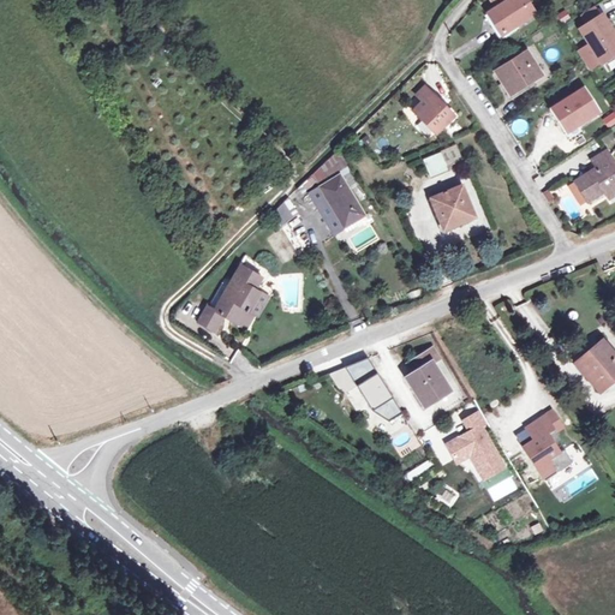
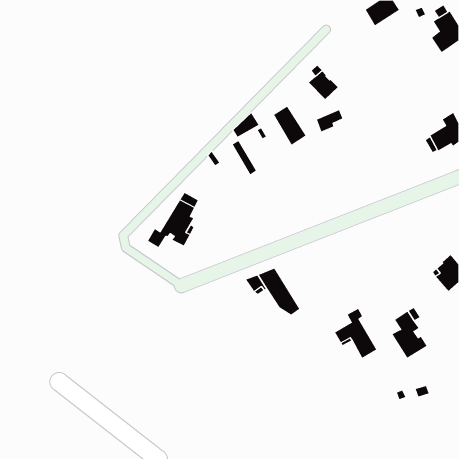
building: [495,52,541,94] -> none
building: [551,88,598,132] -> none
building: [320,175,364,228] -> [273,106,306,145]
building: [430,186,474,229] -> none
building: [406,348,449,406] -> none

